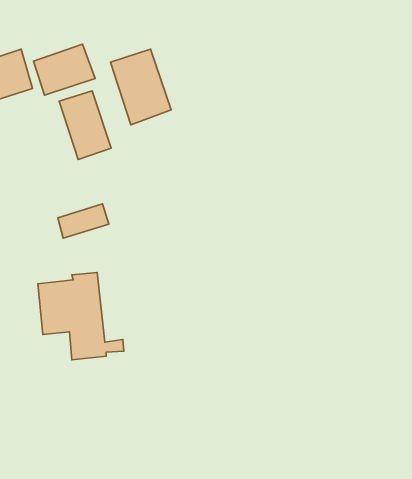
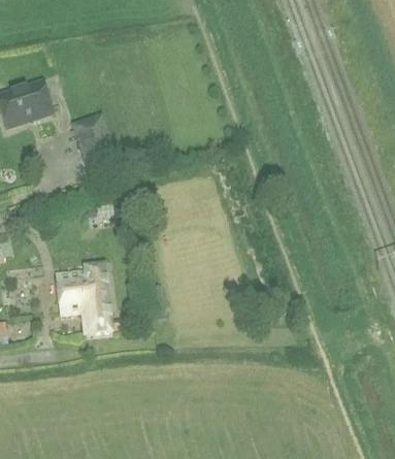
building: [33,44,95,95] -> none
building: [110,49,171,125] -> none

